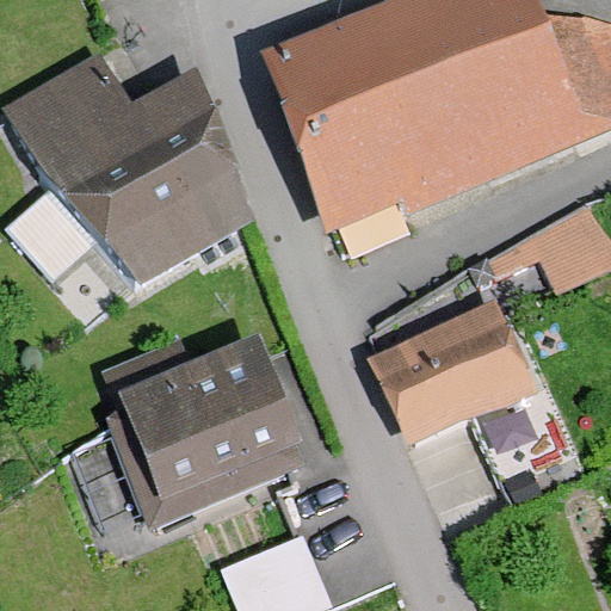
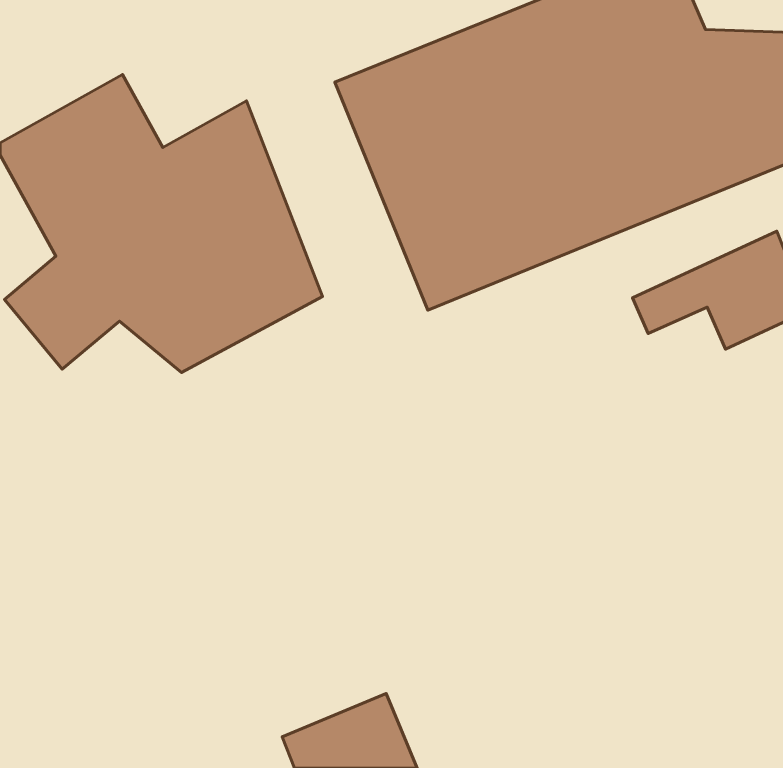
building: [375,311,531,444] -> none
building: [105,341,306,514] -> none

